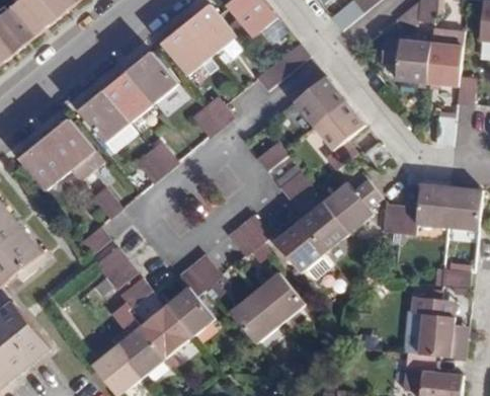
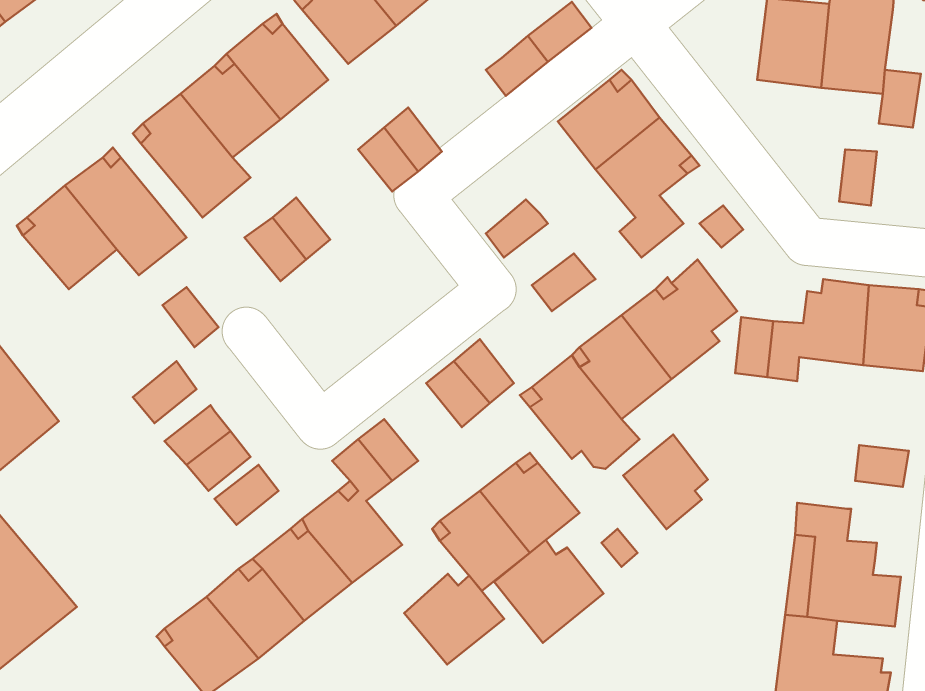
building: none -> [623,435,708,529]
building: none -> [494,540,604,643]
building: none -> [404,574,504,665]

